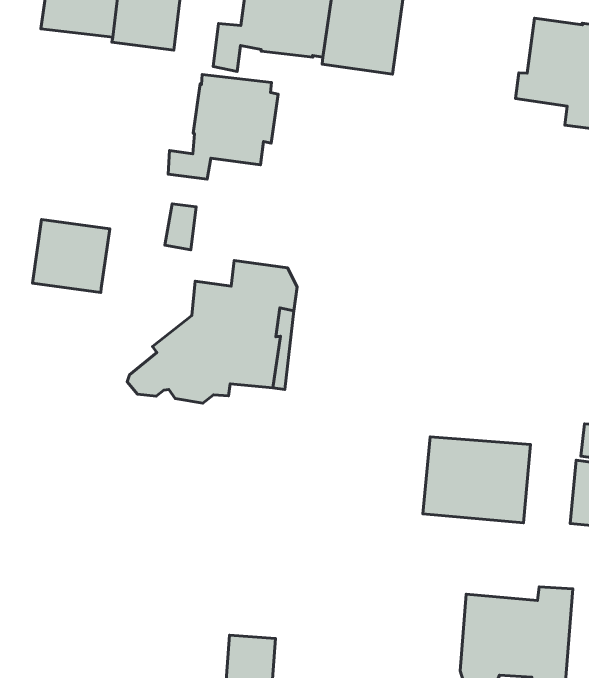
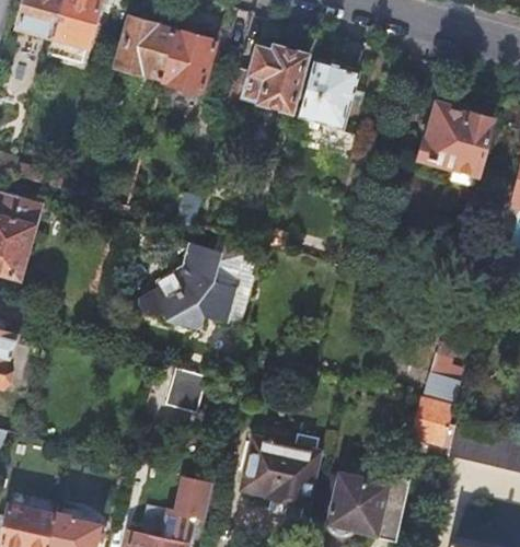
building: [168,74,278,179] -> none
building: [33,219,110,293] -> none
building: [423,437,531,523] -> [243,438,320,502]
building: none -> [162,365,200,403]

